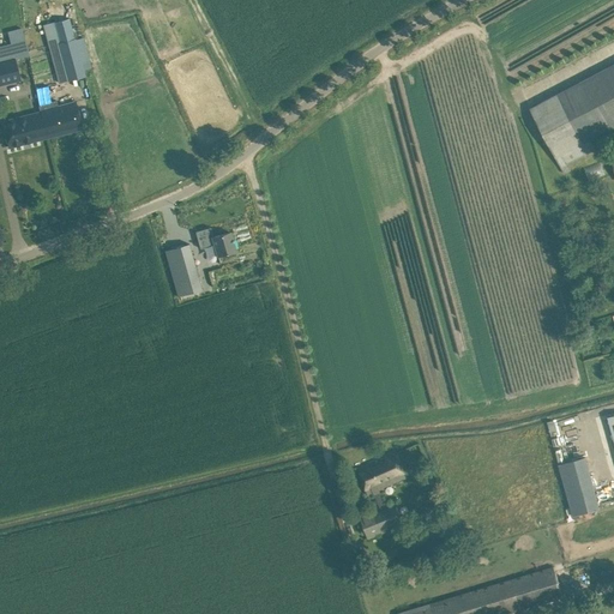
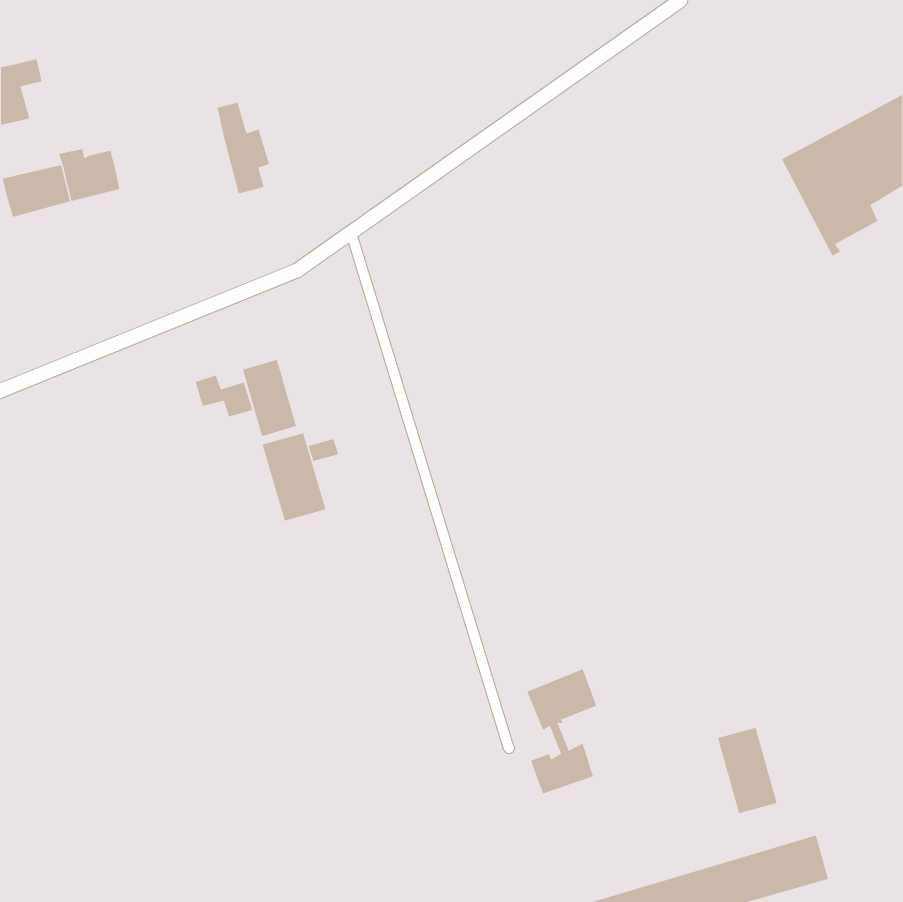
building: [54,20,90,83] -> [217,102,270,194]
building: [195,228,235,257] -> [195,375,253,417]
building: none -> [262,432,326,521]
building: [559,458,600,517] -> [717,727,777,814]

